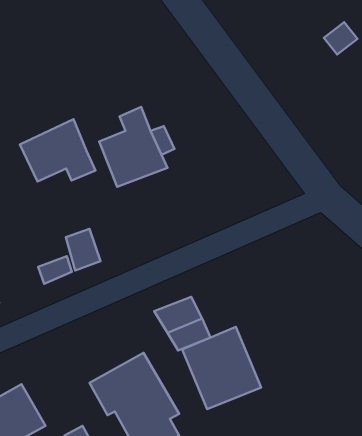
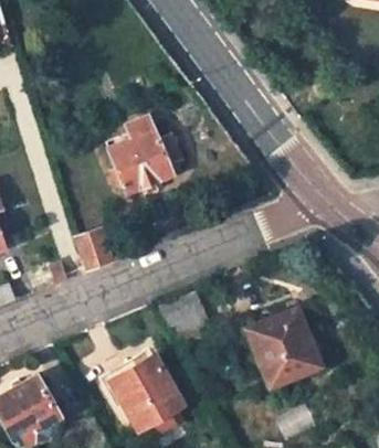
building: [20,119,96,181] -> none
building: [182,327,261,409] -> [248,309,320,385]

